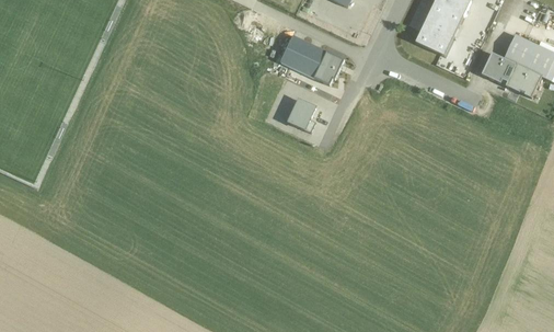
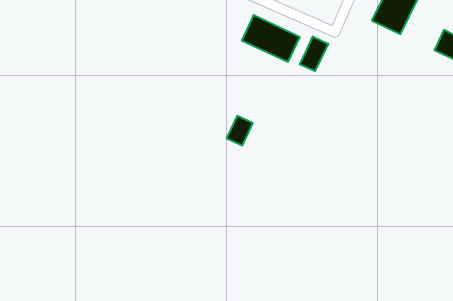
building: none -> [300,36,328,71]
building: [287,99,314,129] -> [227,116,253,146]

